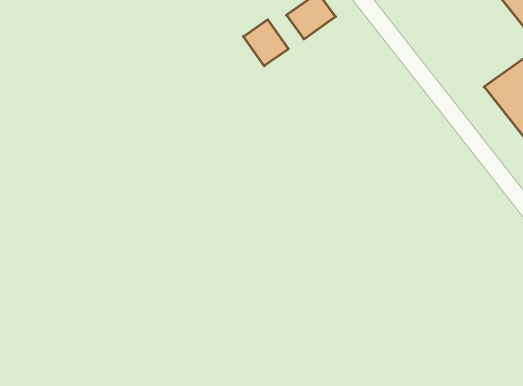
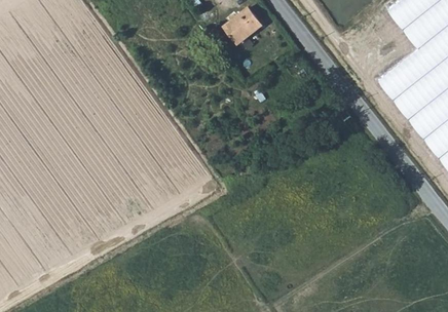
building: [243,20,288,66] -> none

